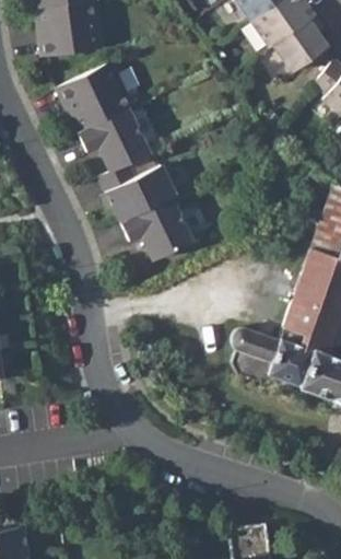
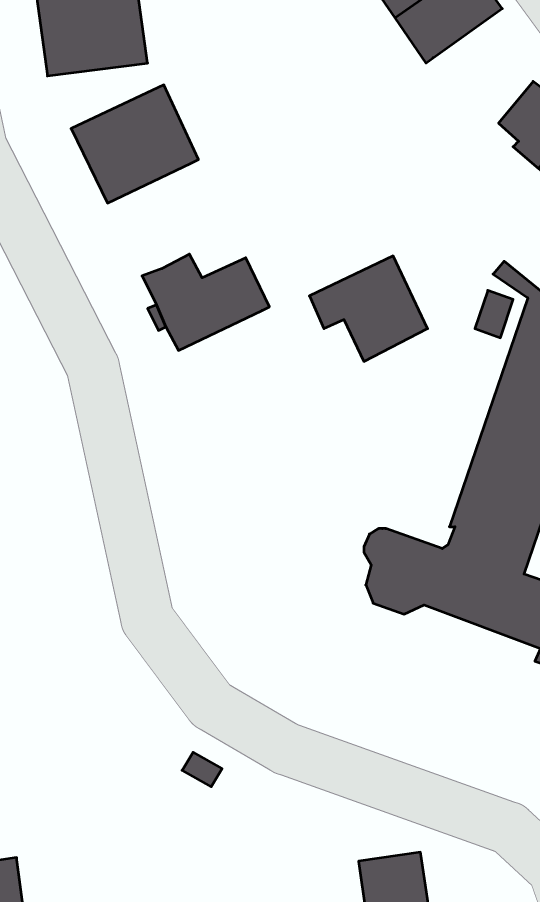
building: [274,15,329,72] -> none
building: [79,108,150,172] -> none
building: [121,197,192,260] -> [309,256,428,361]

